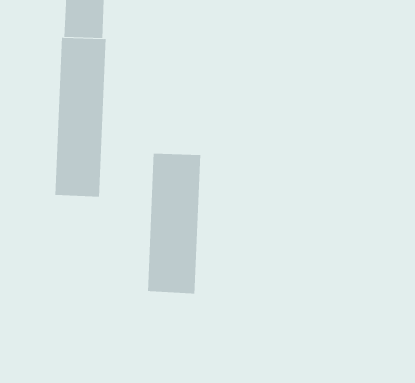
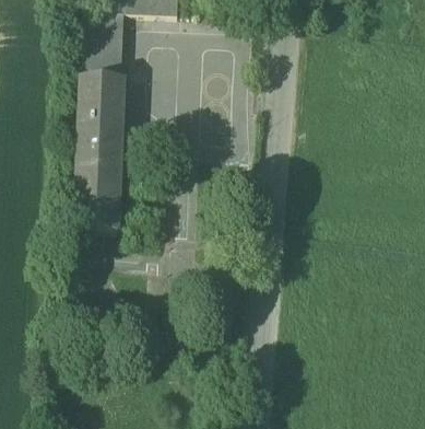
building: [147,153,201,295] -> none

